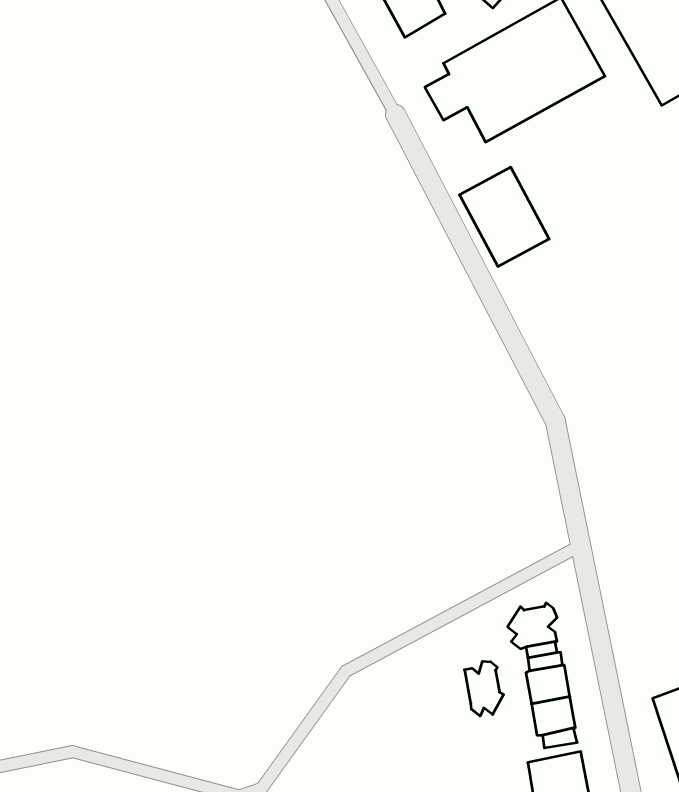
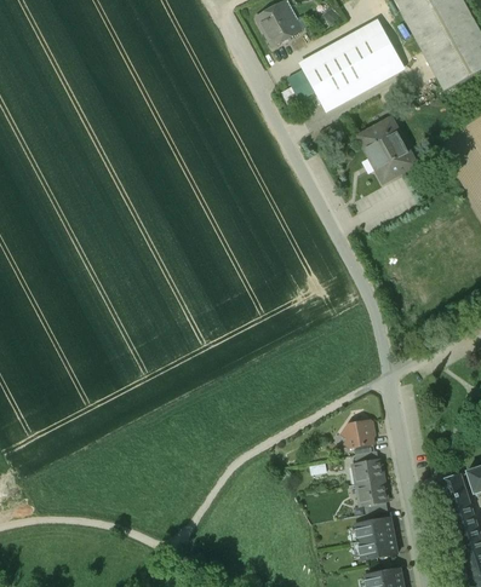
building: [459,167,549,266] -> [356,117,416,183]
building: [464,661,504,716] -> none

